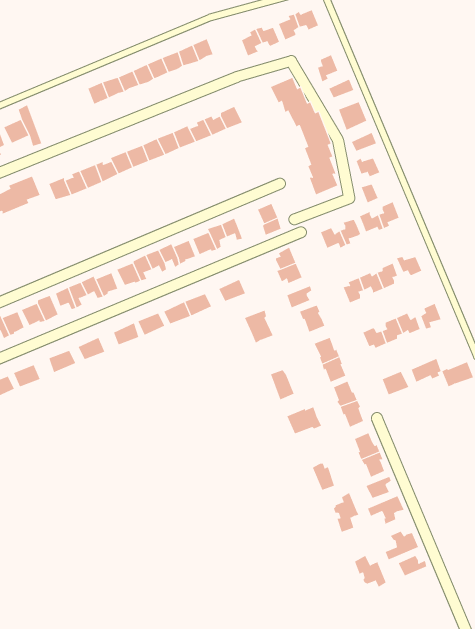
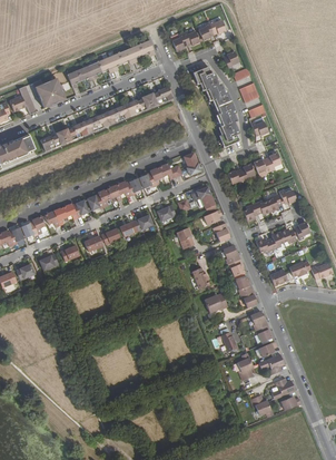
building: none -> [32,78,65,108]

